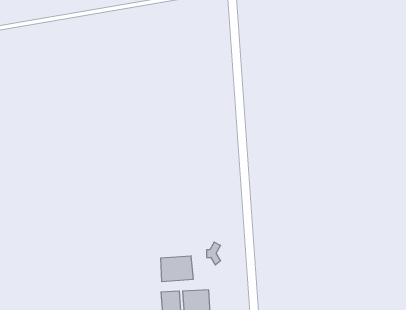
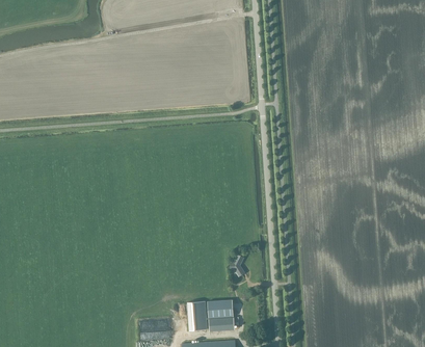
building: [161,256,193,282] -> none

